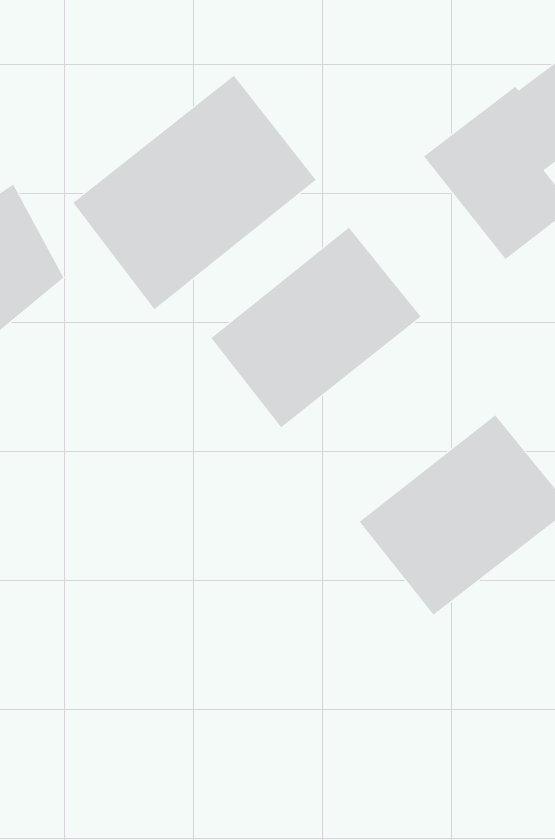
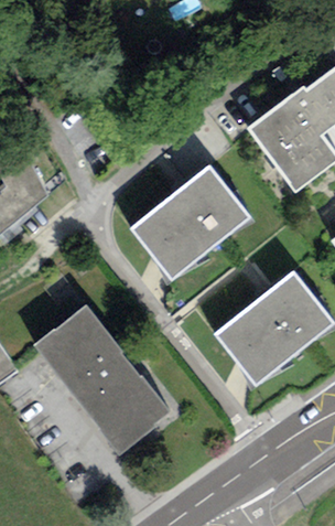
building: [72,75,316,310] -> none
building: none -> [33,304,171,454]

